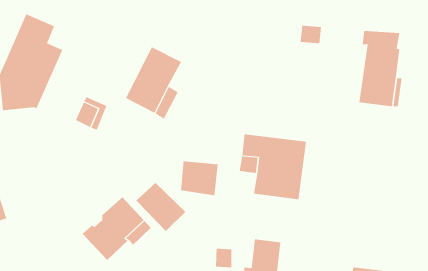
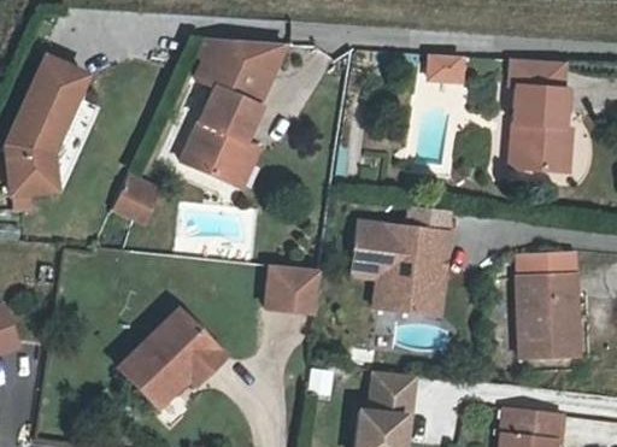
building: none -> [206,48,293,117]
building: none -> [513,271,584,354]
building: [136,182,186,232] -> none

